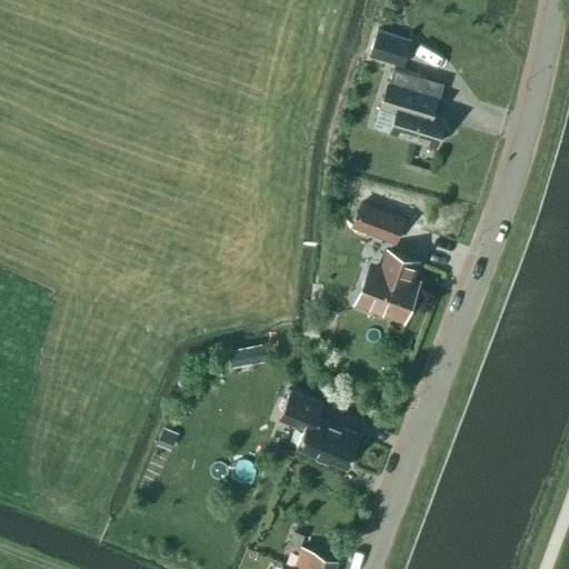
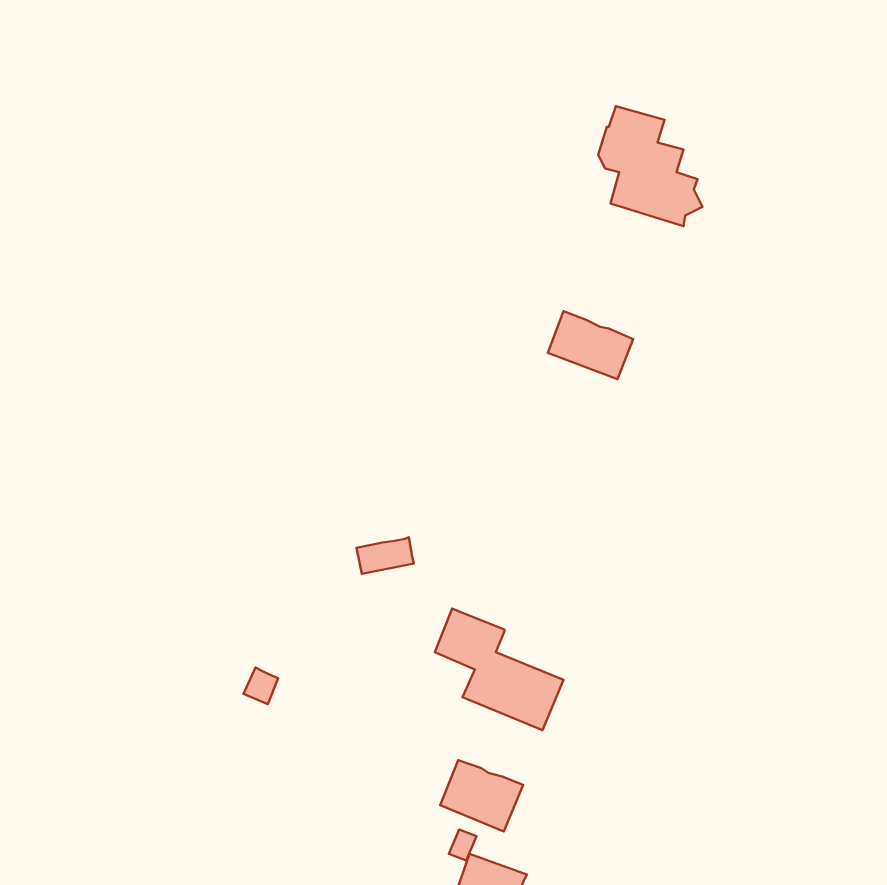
building: [370,30,403,64] -> none
building: [361,252,419,320] -> none
building: none -> [440,760,523,831]

